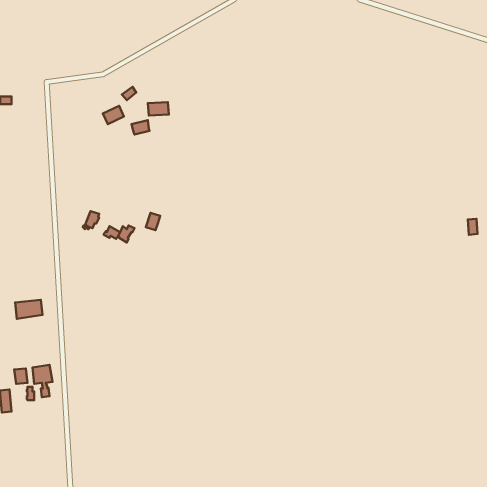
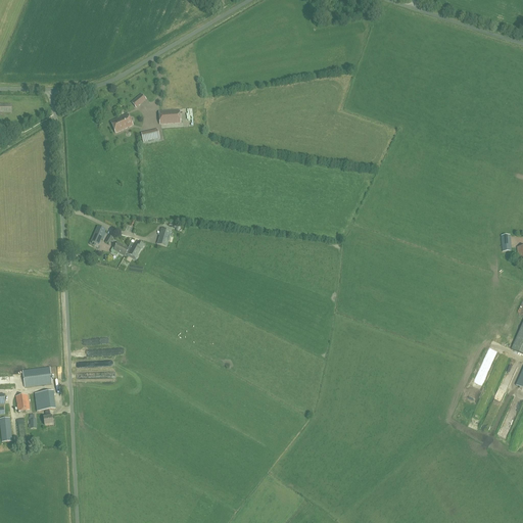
building: [15,300,43,319] -> [22,367,52,387]

